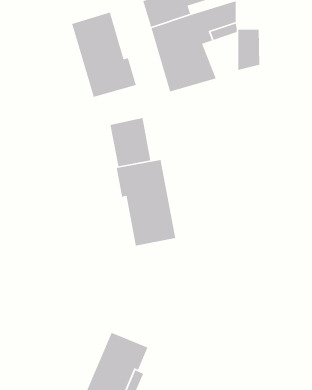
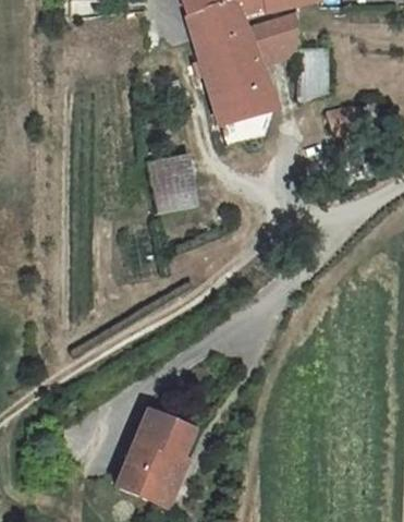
building: [71,11,137,98] -> none
building: [116,159,176,247] -> none

